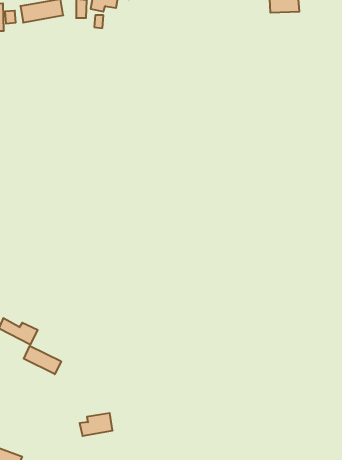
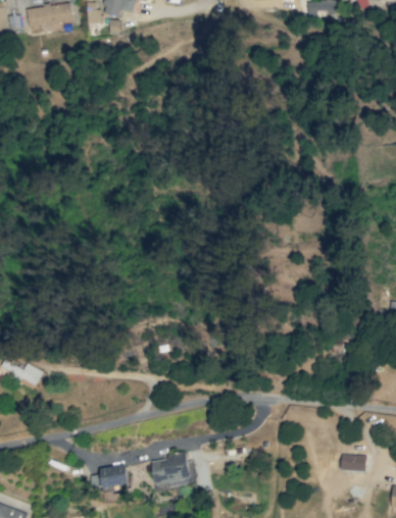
building: [24,346,61,374] -> none
building: none -> [152,454,191,485]
building: none -> [342,454,366,470]

